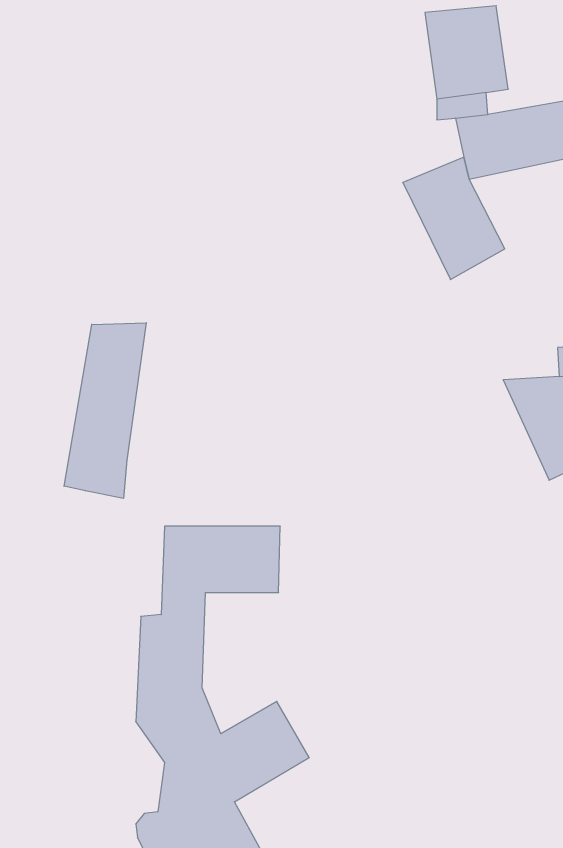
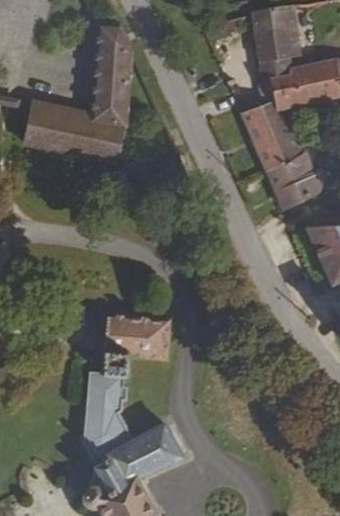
building: none -> [24,23,134,153]
building: none -> [270,147,329,206]
building: [64,323,146,498] -> none

